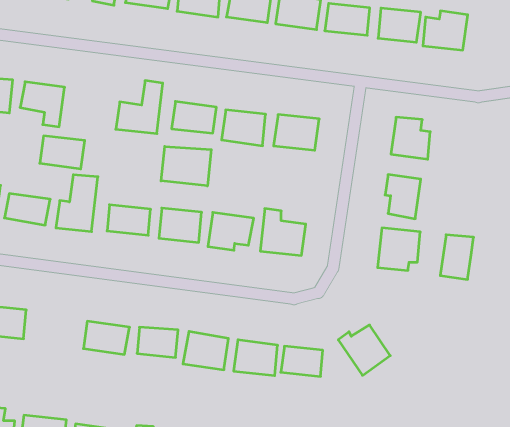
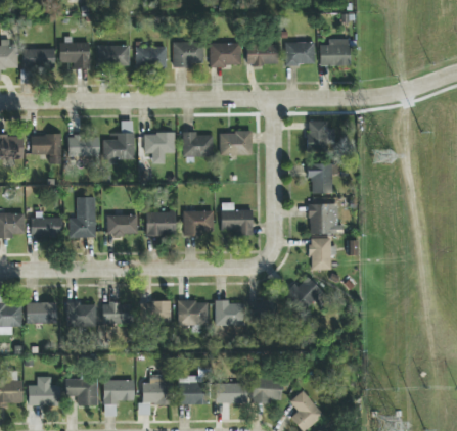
building: [40,136,85,169] -> [68,135,99,156]
building: [161,146,211,186] -> none
building: [440,235,474,279] -> [311,238,331,270]
building: none -> [66,302,96,326]

